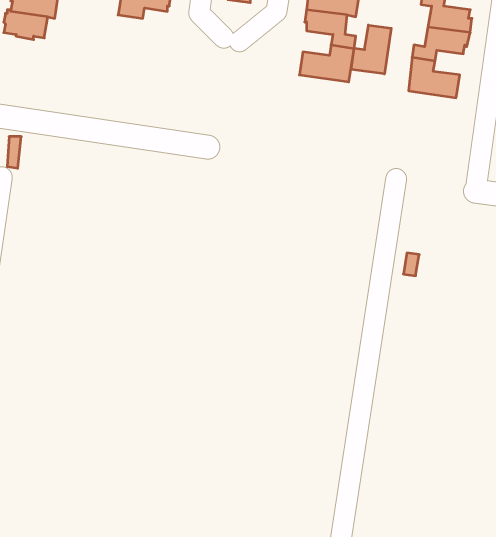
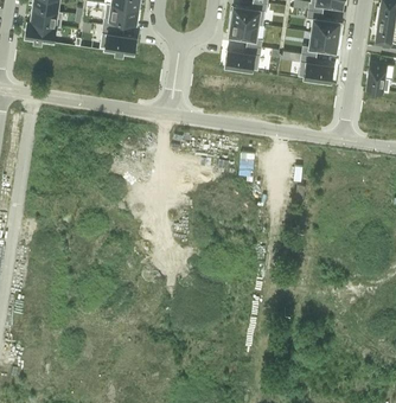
building: none -> [100,25,136,52]
building: [351,25,391,74] -> none

